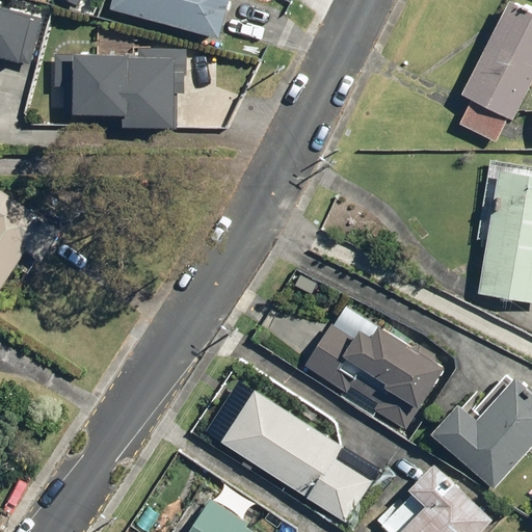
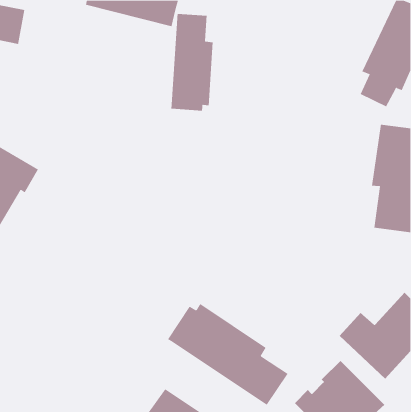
building: none -> [171,13,213,112]
building: [43,53,185,118] -> none
building: [320,321,448,426] -> none

